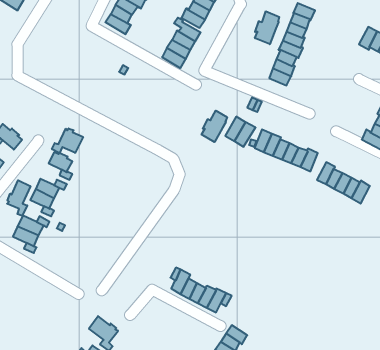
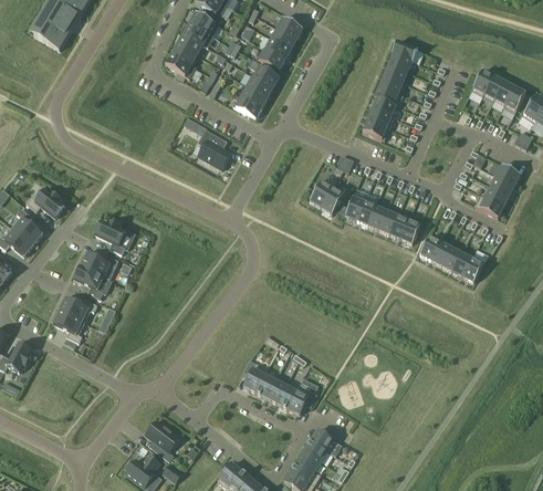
building: [255,11,279,44] -> none
building: none -> [198,128,231,168]
building: [202,111,227,142] -> none
building: [52,128,83,153] -> none
building: [7,180,30,216] -> none

